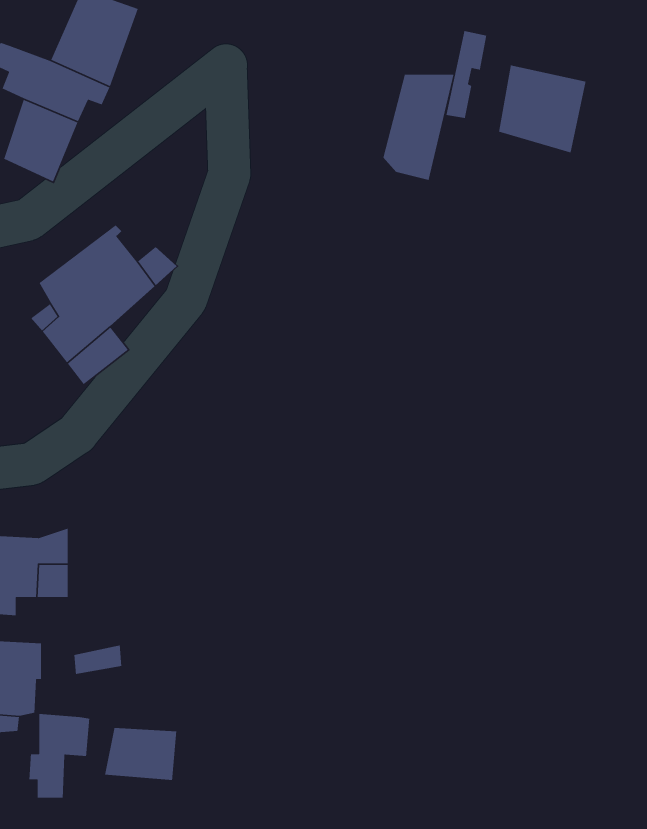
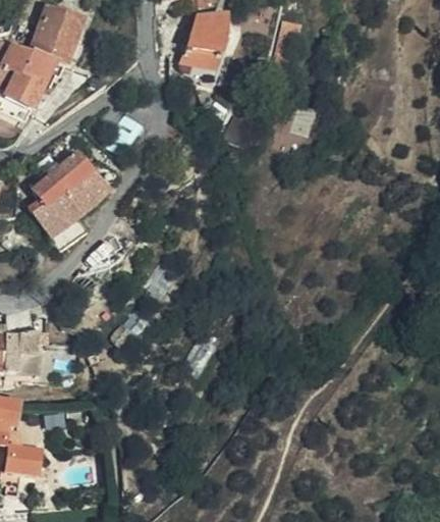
building: [498,65,586,154] -> none
building: [382,74,454,181] -> [184,14,228,80]
building: [104,727,177,781] -> none

